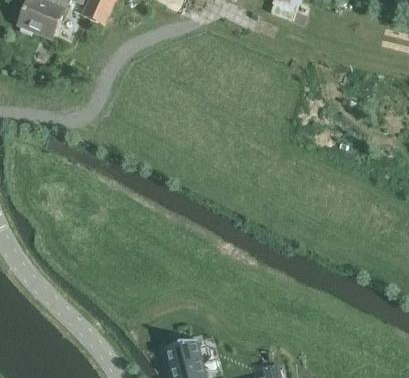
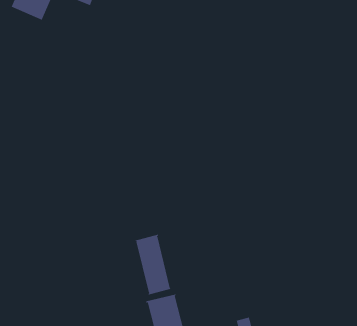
building: none -> [135,234,172,296]

